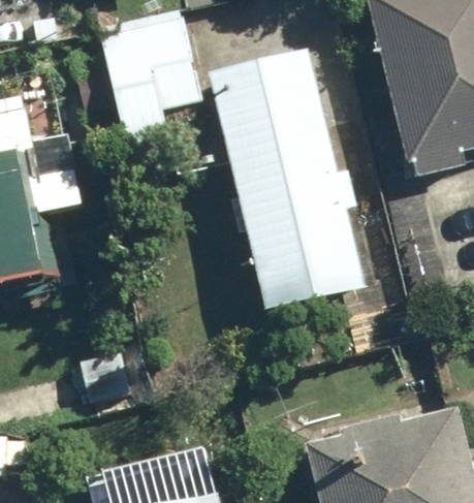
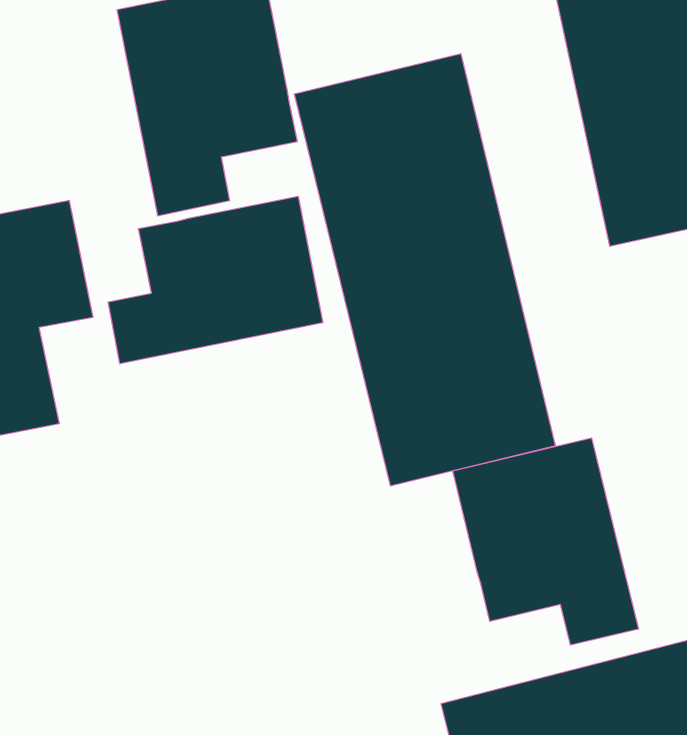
building: none -> [108,196,323,364]
building: none -> [453,438,638,645]

